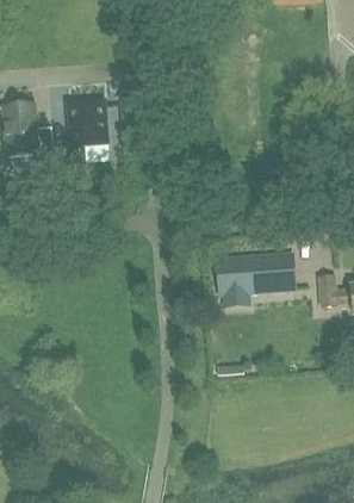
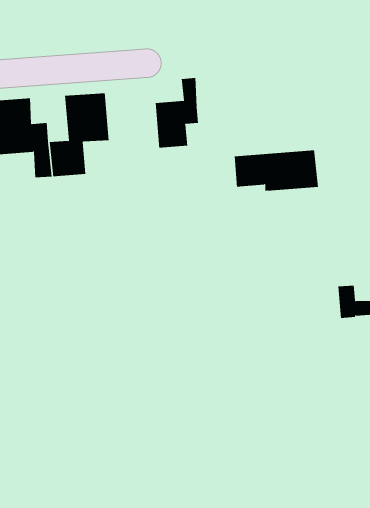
building: none -> [155,77,198,149]
building: [216,253,294,291] -> [234,150,319,191]

